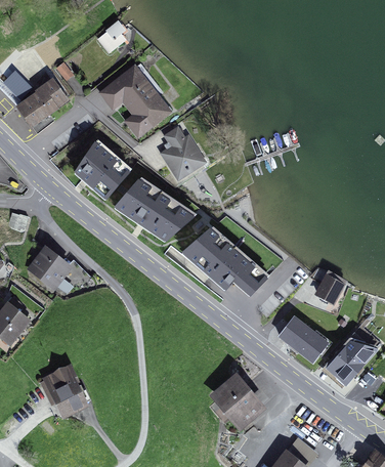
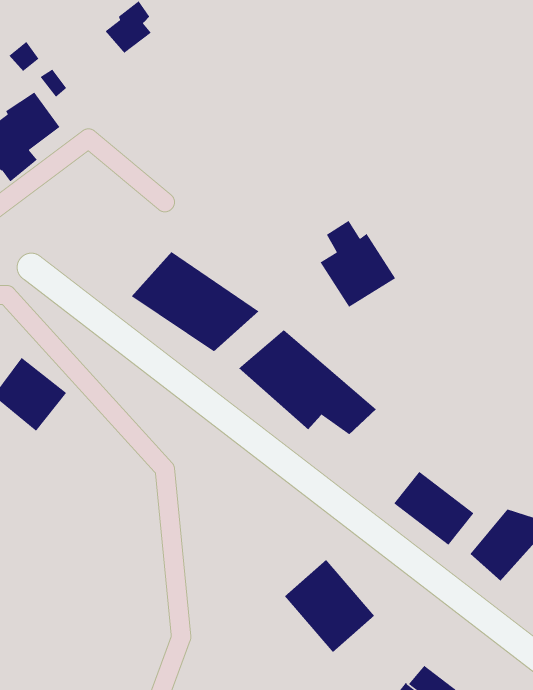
building: [98,63,172,138] -> none
building: [159,126,207,181] -> [319,220,396,308]
building: [74,139,130,199] -> none
building: [312,272,345,304] -> none
building: [41,363,89,418] -> none

